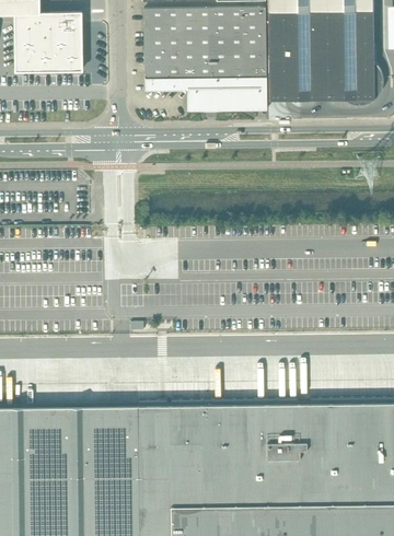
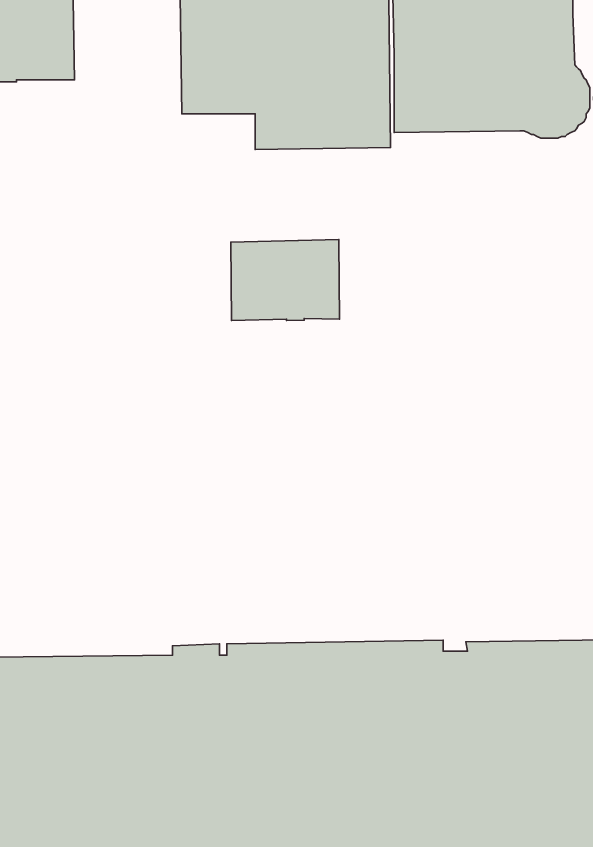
building: none -> [231,239,340,321]

